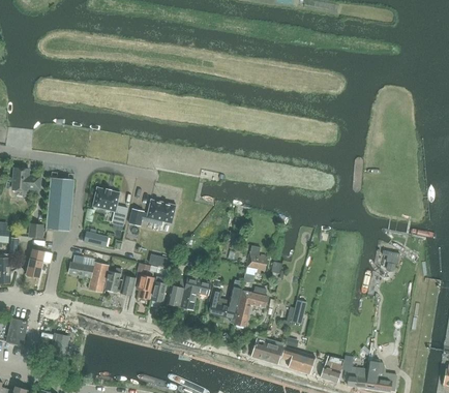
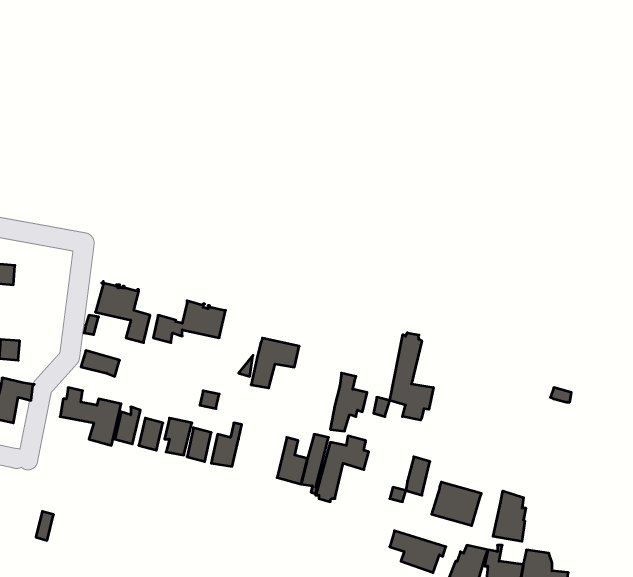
building: [44,178,73,231] -> none
building: none -> [390,333,433,420]
building: [180,277,211,309] -> [251,338,299,388]
building: none -> [493,491,526,541]
building: [250,336,282,364] -> [432,482,481,526]

